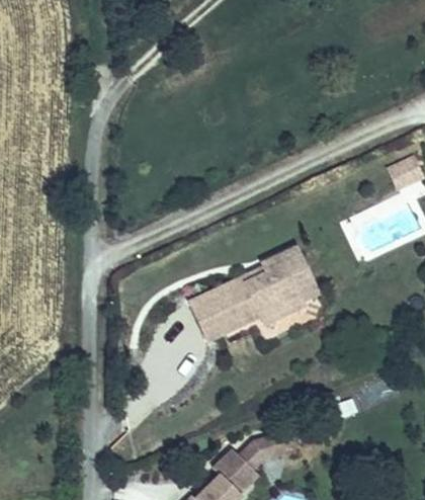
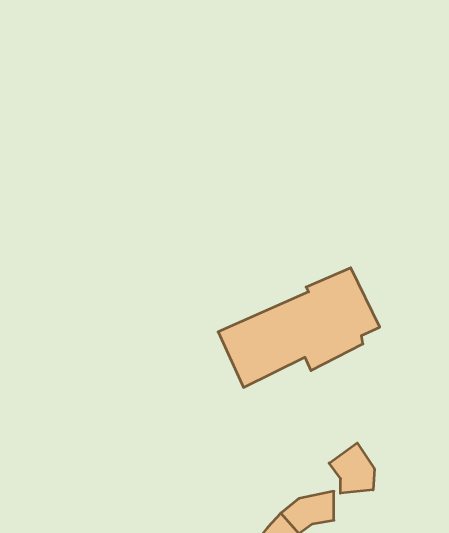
building: none -> [329,443,374,493]

